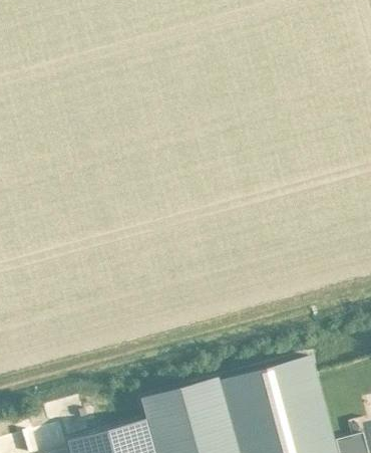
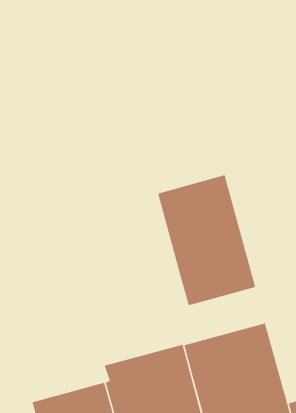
building: none -> [157,174,256,306]

